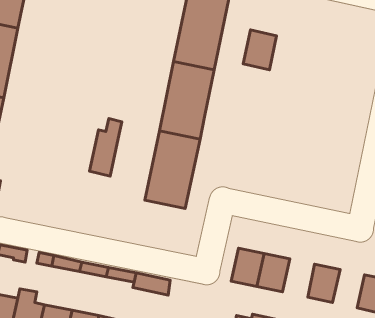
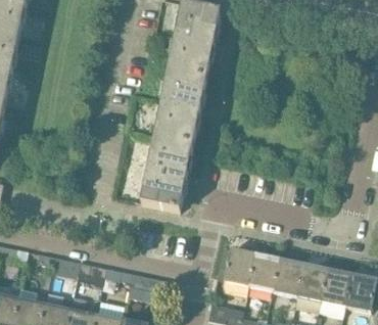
building: [243,30,277,70] -> none
building: [90,118,122,176] -> none
building: none -> [272,259,302,295]
building: none -> [320,269,350,306]

